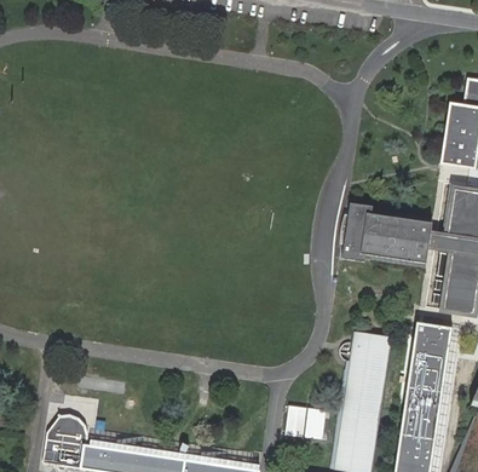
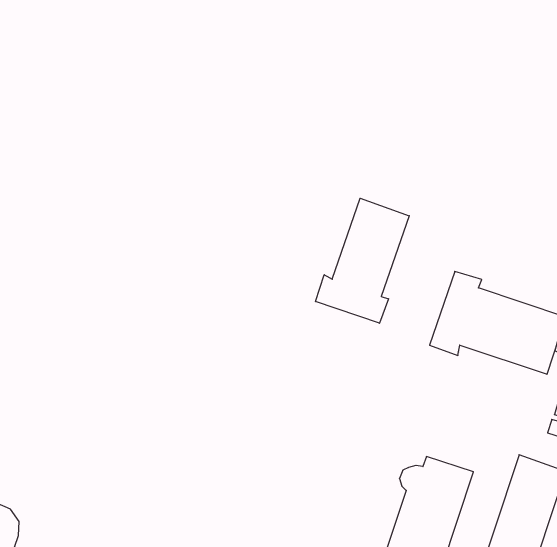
building: none -> [316,198,409,323]

